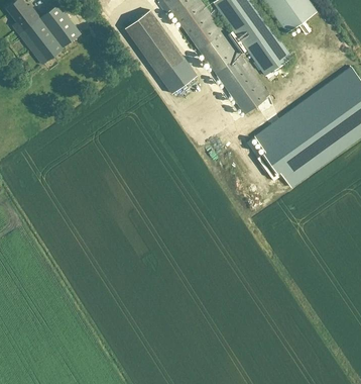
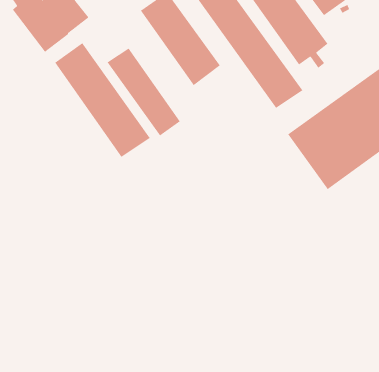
building: none -> [54,42,151,158]
building: none -> [107,47,181,137]

